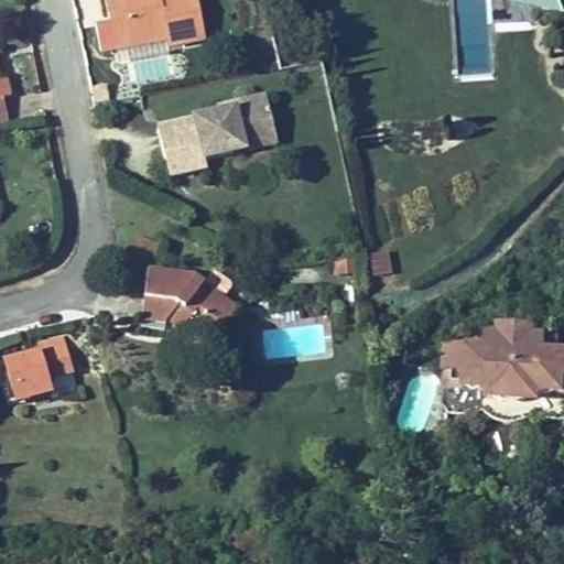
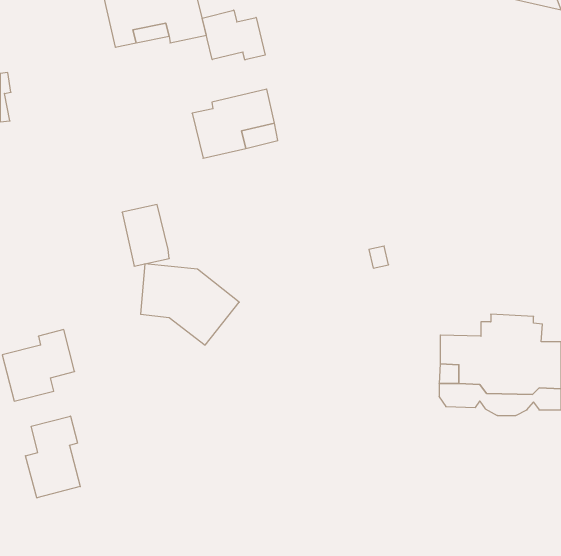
building: none -> [202,10,265,60]
building: [158,113,205,175] -> [122,205,169,266]
building: none -> [25,416,80,498]

